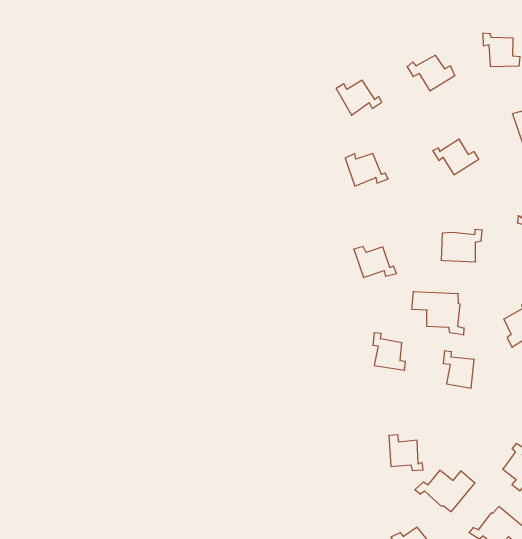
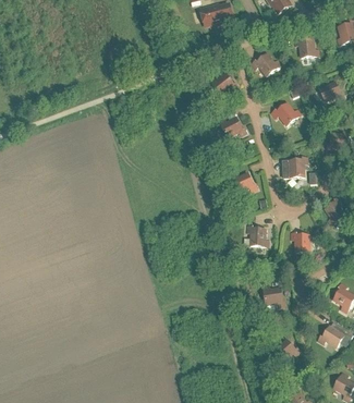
building: [412,291,464,335] -> none
building: [415,470,475,512] -> none

